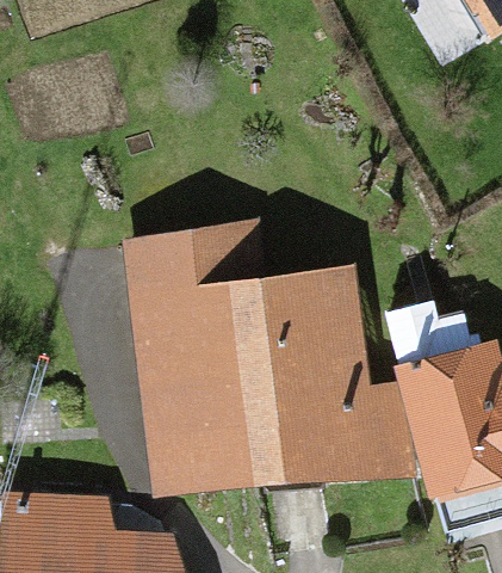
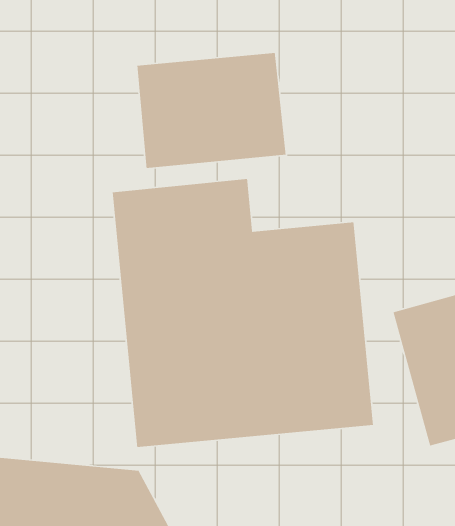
building: none -> [136,52,286,169]

